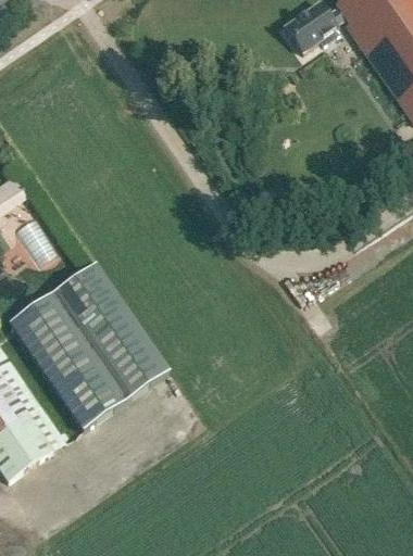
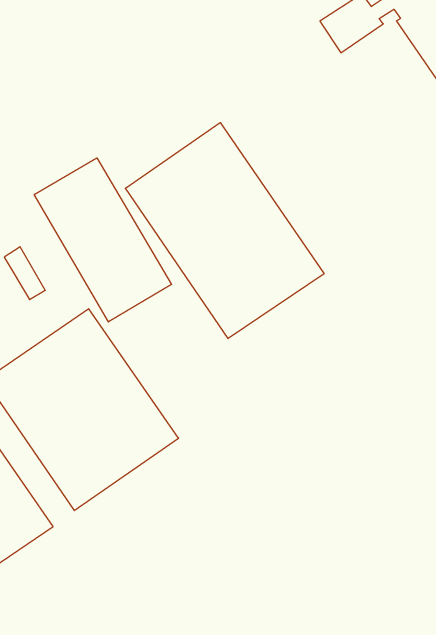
building: none -> [125,123,324,339]
building: none -> [34,158,172,322]

